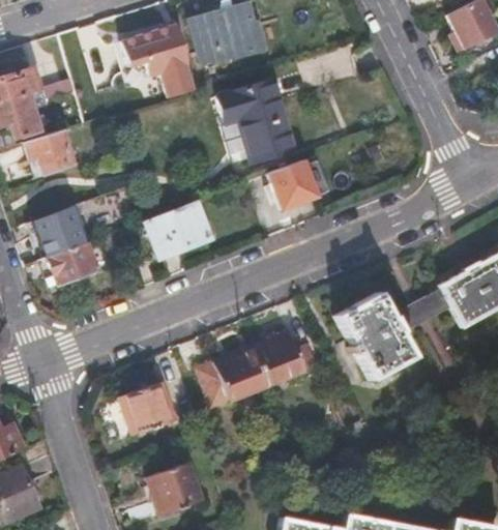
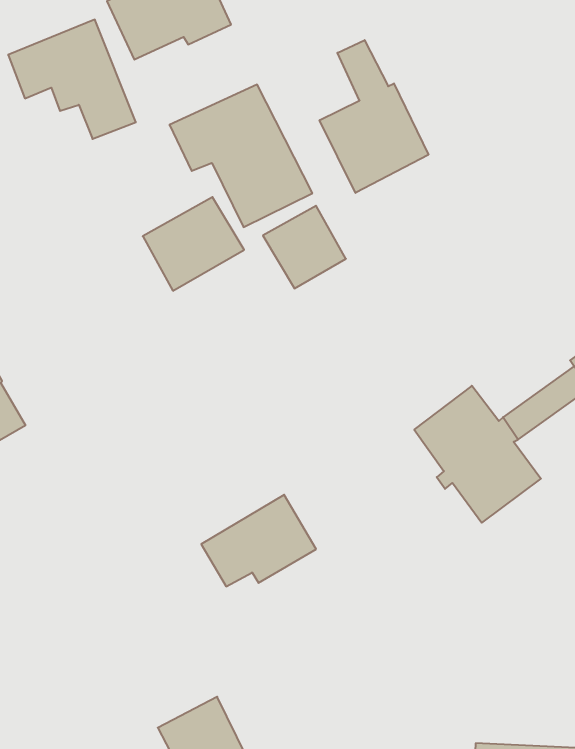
building: none -> [320,40,428,193]
building: [144,203,206,258] -> [143,197,244,291]
building: [253,326,304,378] -> none
building: [124,378,176,430] -> none

